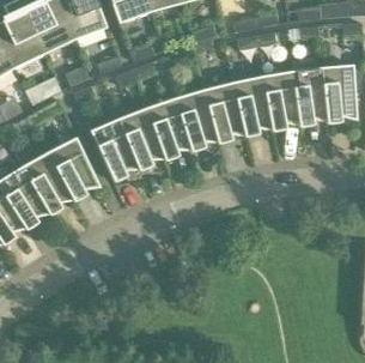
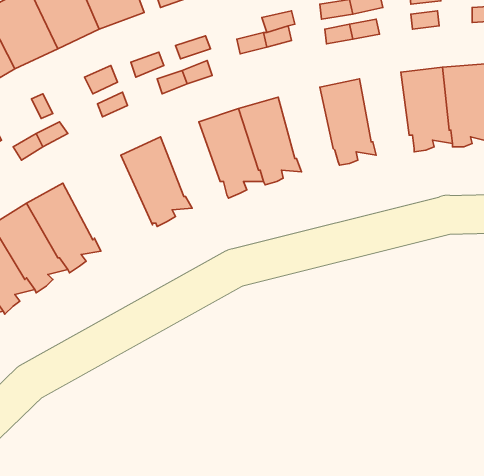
building: [262,71,302,133] -> none
building: [203,81,247,145] -> none
building: [118,107,166,171] -> none
building: [48,137,101,201] -> none

